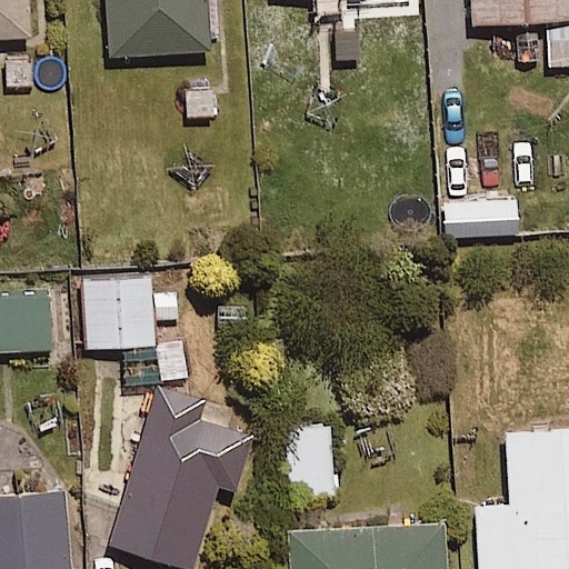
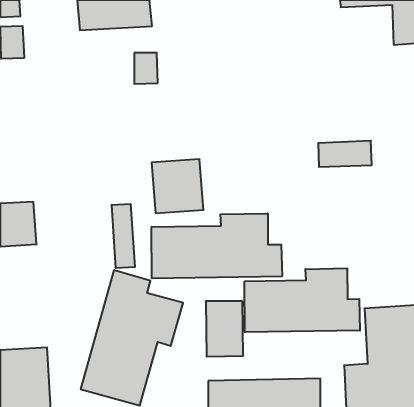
building: [83,273,154,347] -> [152,159,204,213]
building: none -> [152,213,282,278]
building: none -> [245,268,360,332]

